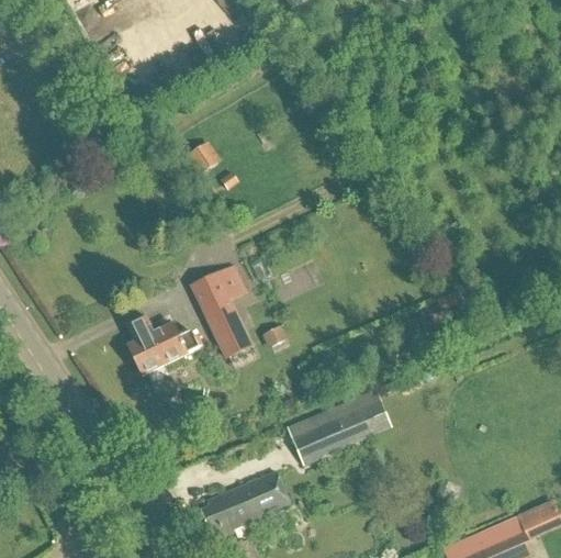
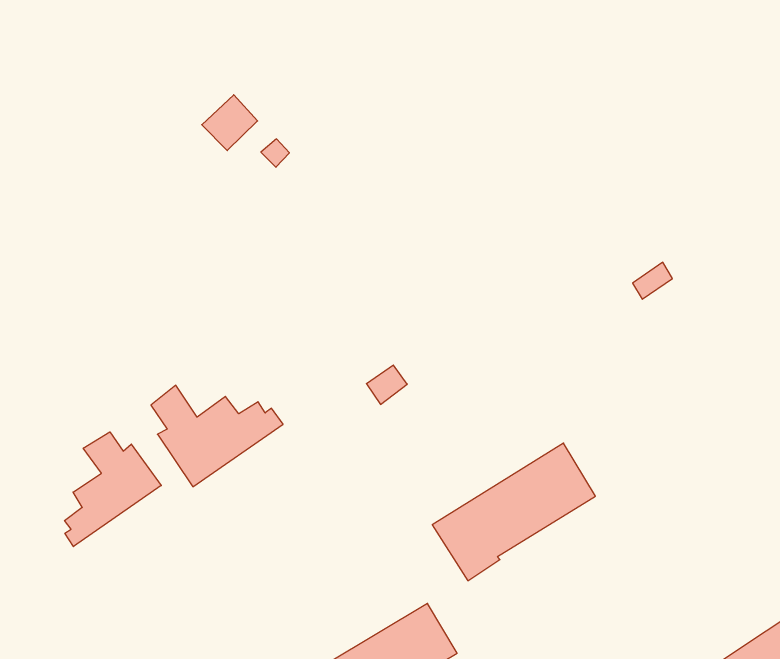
building: [193,266,250,357] -> none
building: none -> [65,432,161,547]

